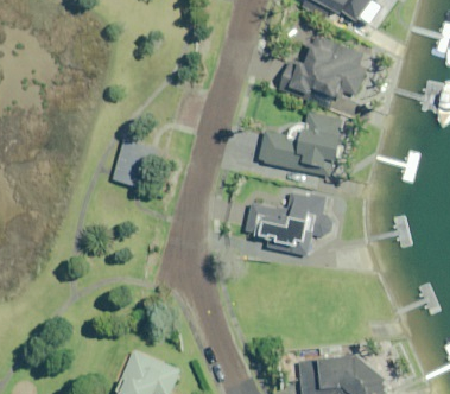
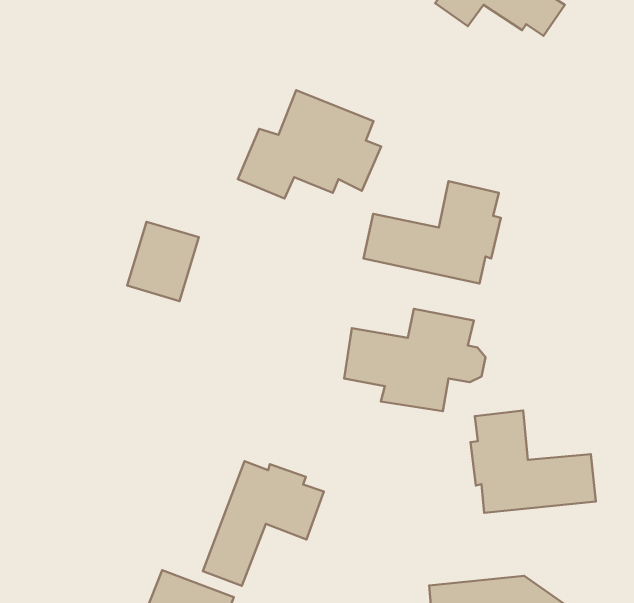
building: [277,33,365,100] -> [238,90,381,199]
building: none -> [471,411,596,513]
building: none -> [203,461,324,586]

